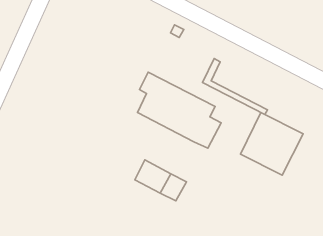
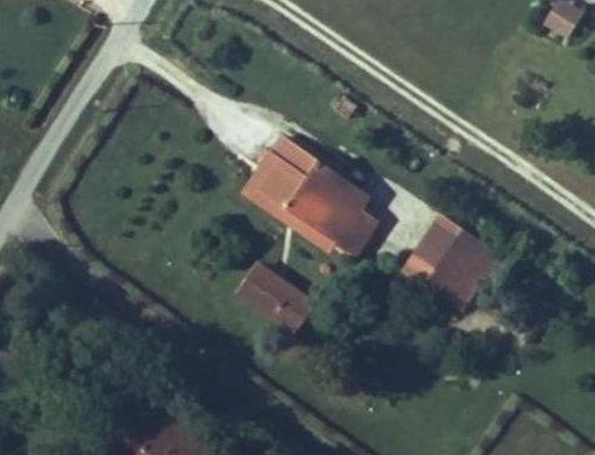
building: [202,58,268,114] -> [242,160,334,252]

